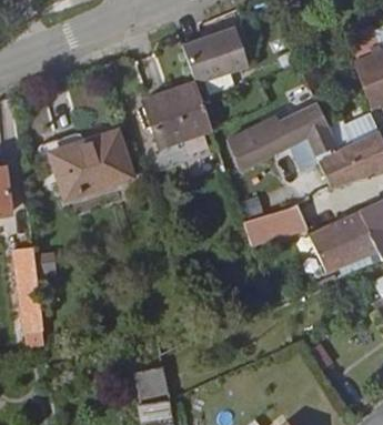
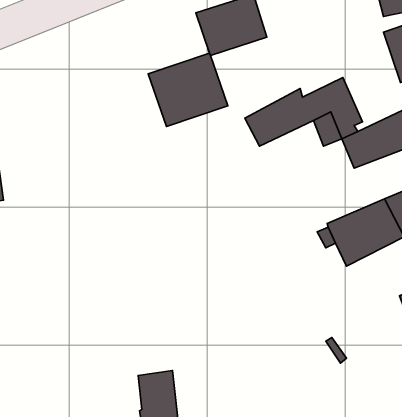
building: [50,133,131,200] -> none
building: [245,208,301,244] -> none
building: [14,242,49,332] -> none

